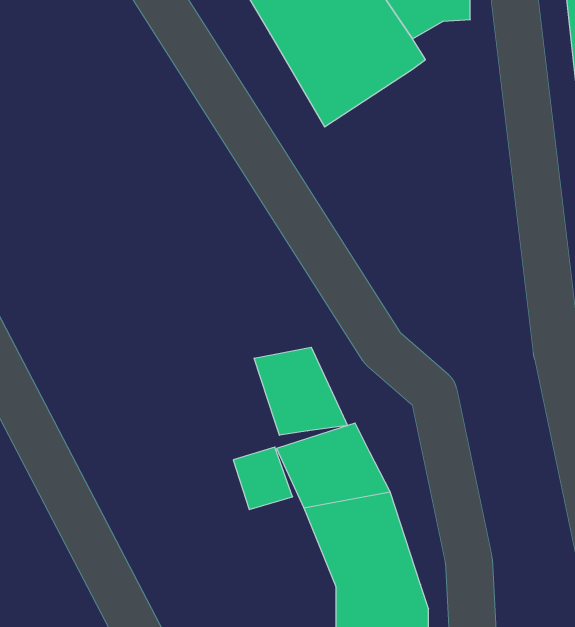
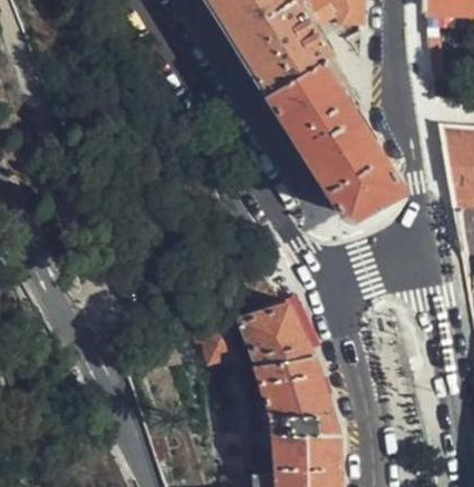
building: none -> [267,56,401,218]
building: [254,347,348,435] -> none

